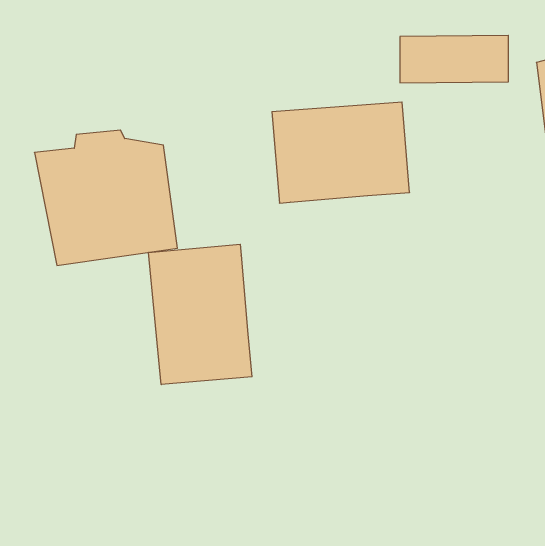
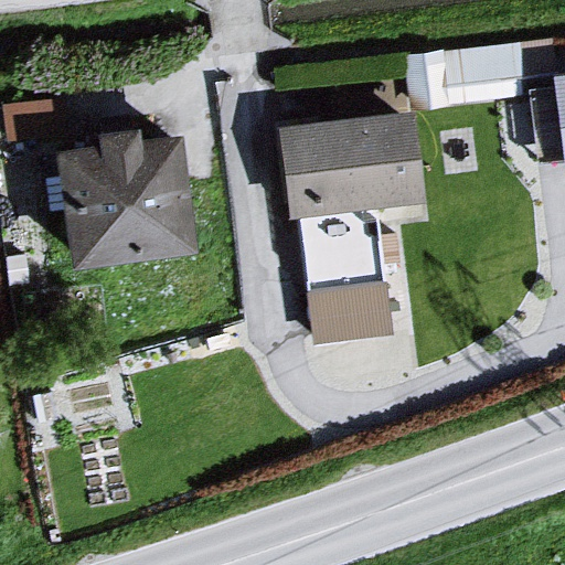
building: none -> [302,204,394,349]
building: [149,244,252,385] -> none

